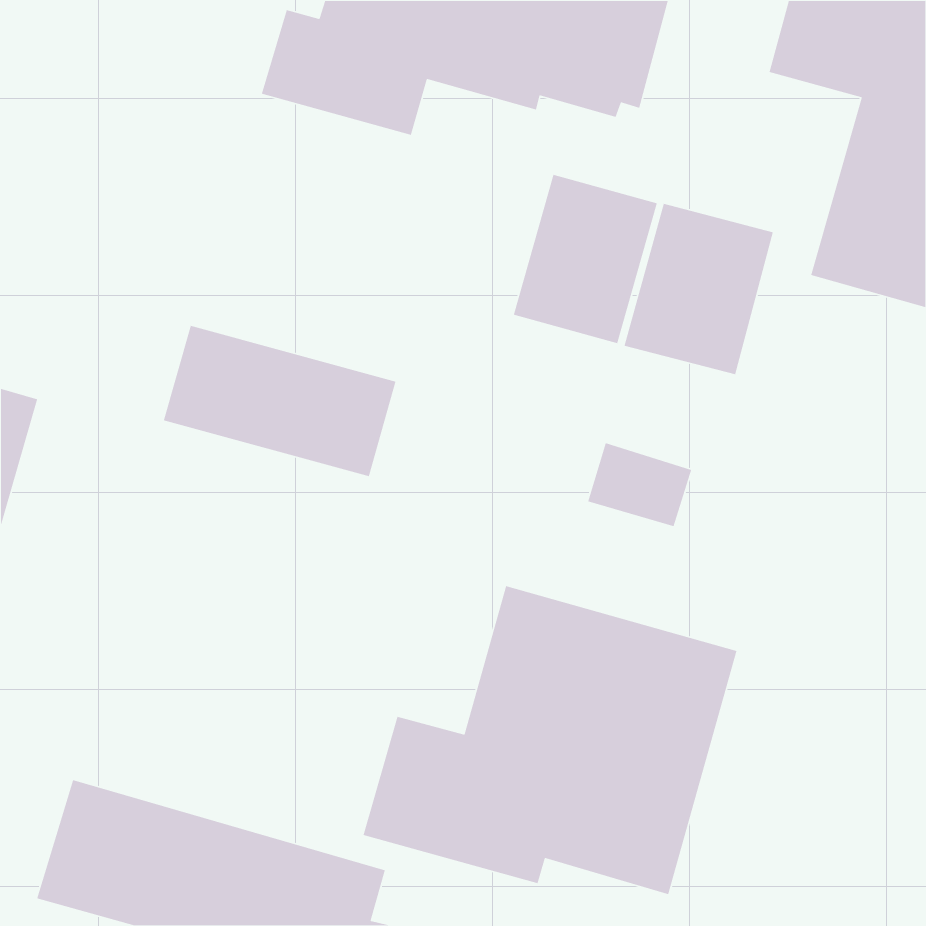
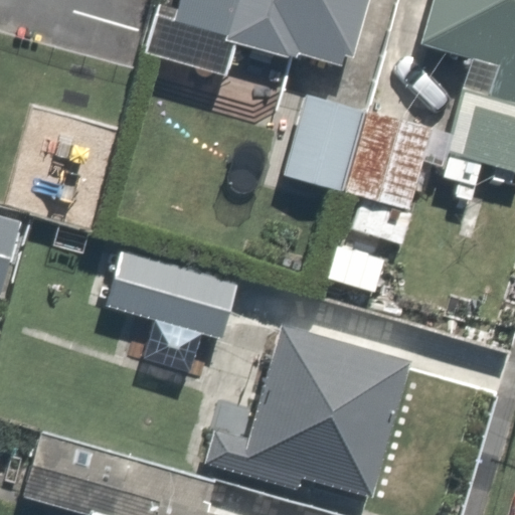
building: [163,325,397,477] -> [107,252,236,337]

